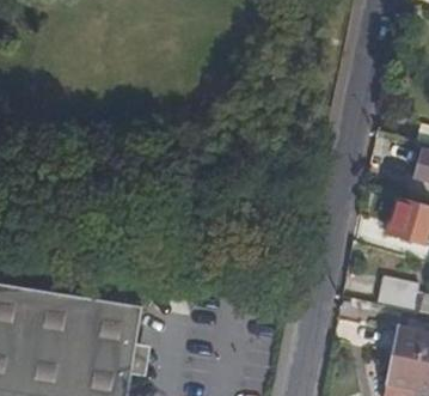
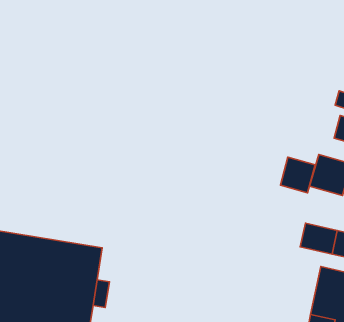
building: none -> [280,157,315,193]

